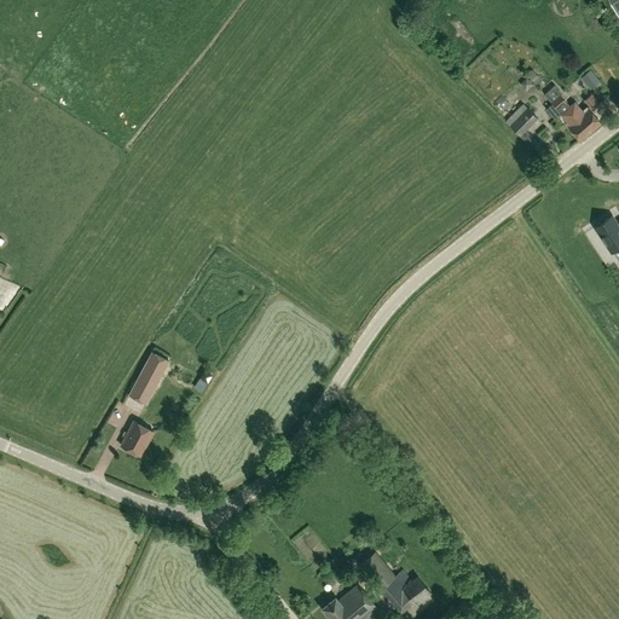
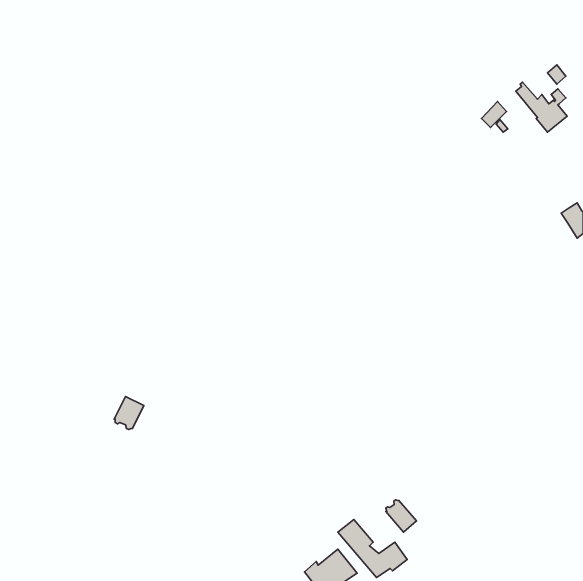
building: [137,353,167,388] -> none
building: none -> [386,500,416,532]

